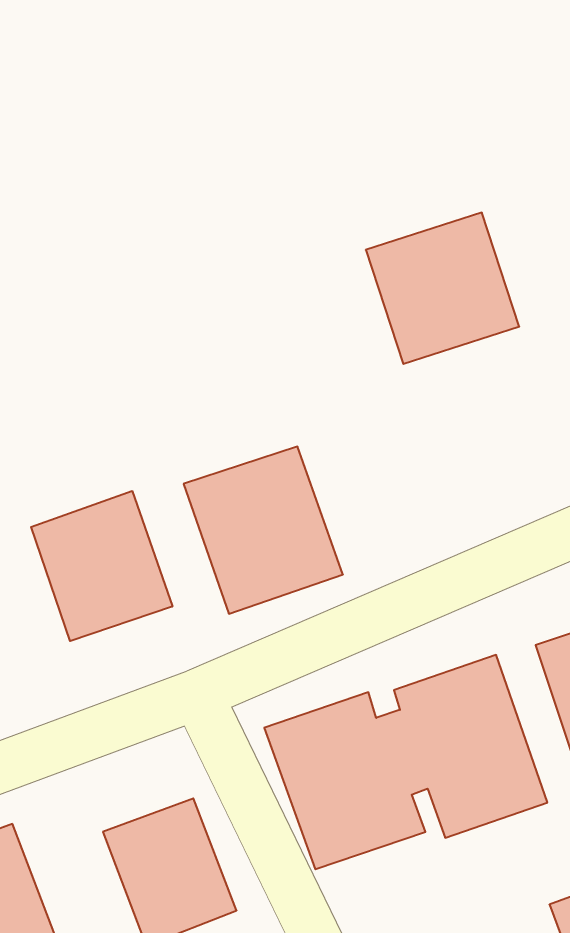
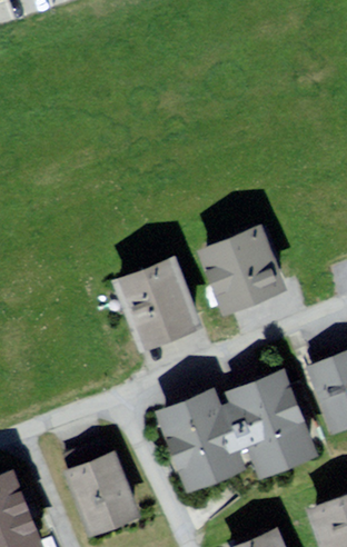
building: [366,213,519,364] -> [197,227,284,312]
building: [31,491,172,641] -> none

